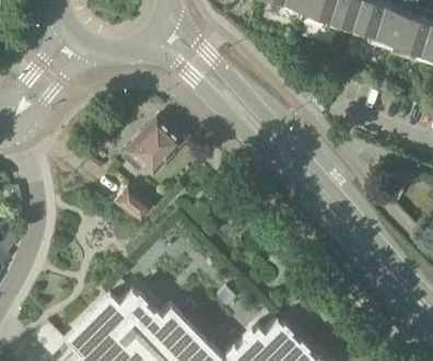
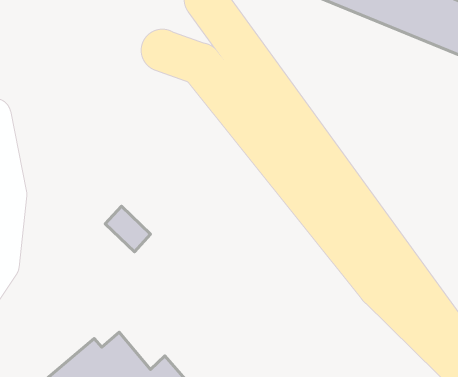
building: [124,119,183,173] -> none

